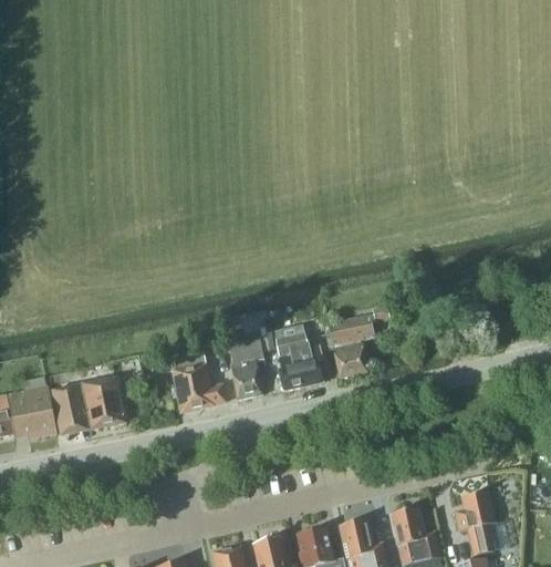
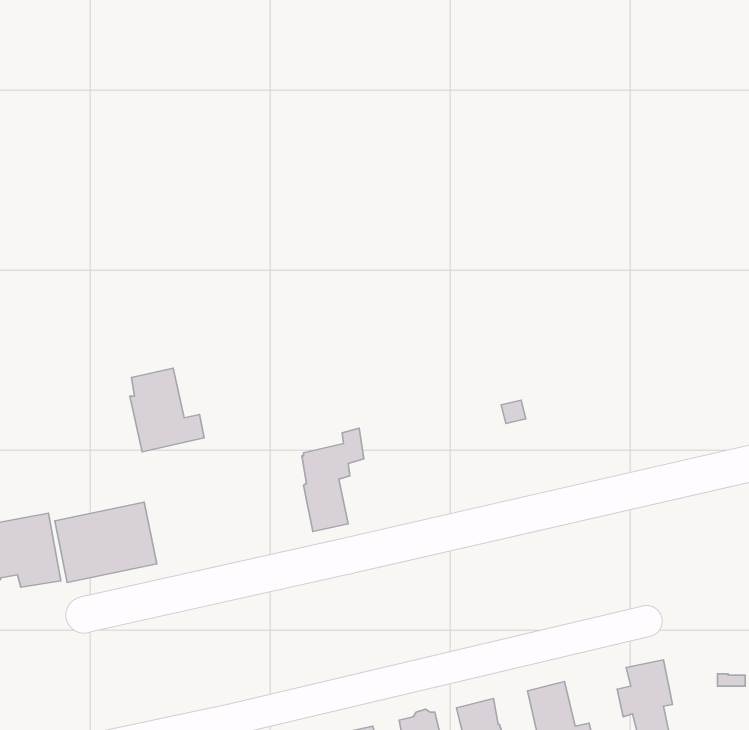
building: [328,315,374,378] -> none
building: [273,323,322,390] -> none
building: [171,351,225,411] -> [130,368,204,452]

